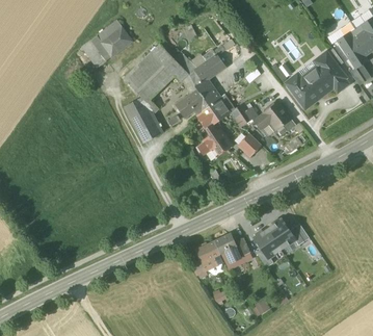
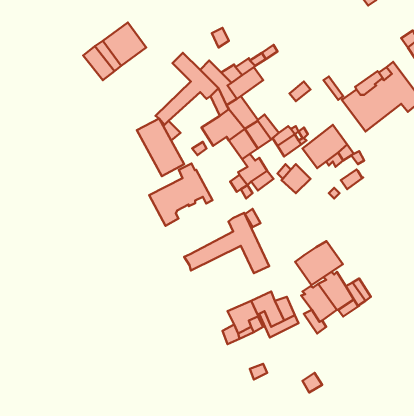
building: [125,53,167,95] -> none
building: none -> [149,164,213,226]
building: none -> [184,213,269,273]
building: none -> [295,241,343,285]

